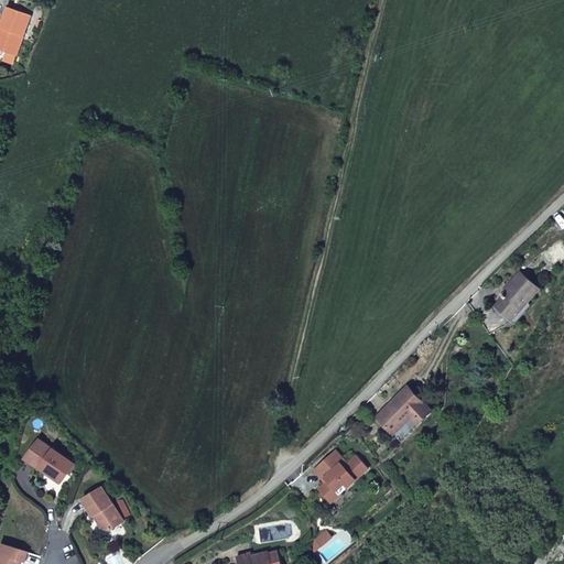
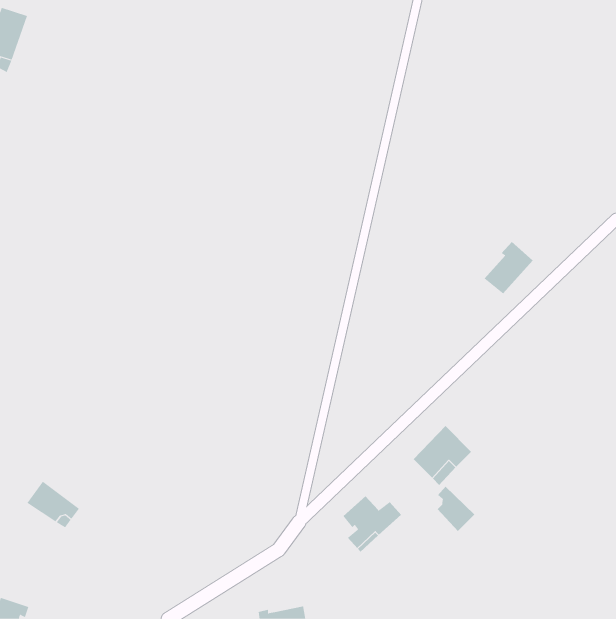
building: [494,272,539,321] -> [484,241,533,294]
building: none -> [437,486,475,532]
building: [80,488,121,530] -> none

